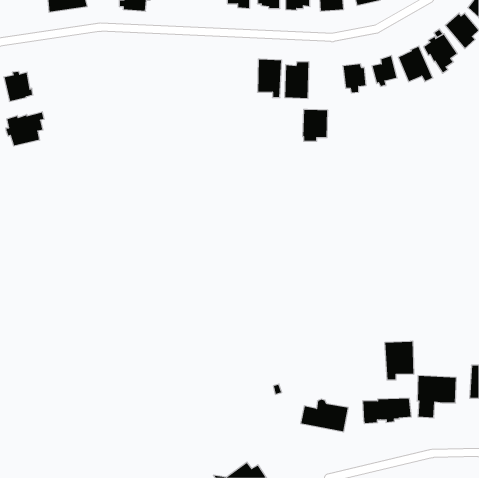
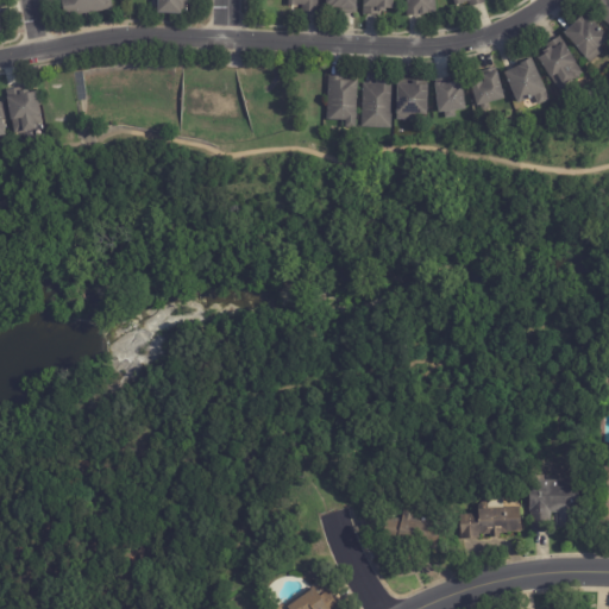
building: [303,109,328,141] -> [395,79,427,119]
building: [6,112,44,146] -> none
building: [385,341,414,380] -> none

